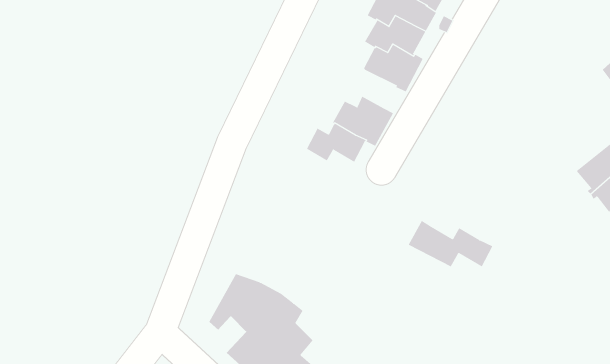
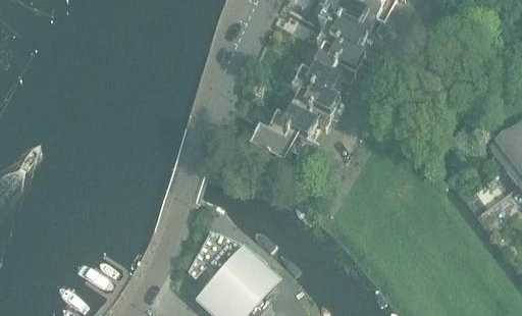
building: none -> [290,63,341,95]
building: [408,220,493,267] -> [247,123,317,162]

